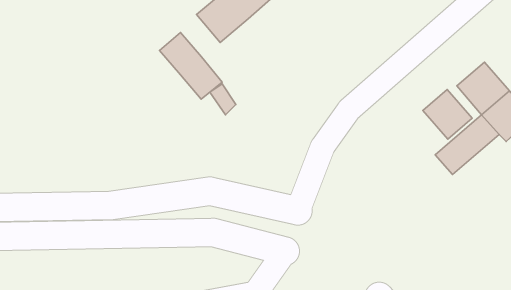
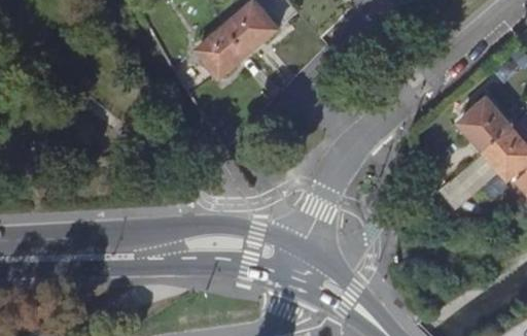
building: [160,33,222,99] -> none
building: [423,89,472,139] -> none

